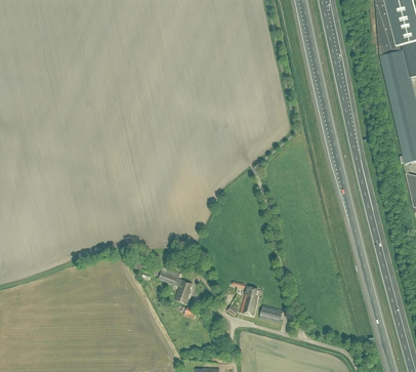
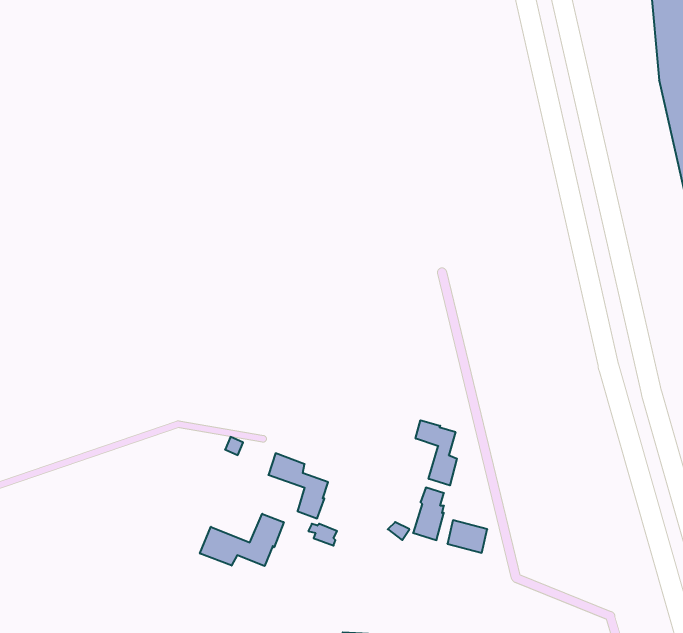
building: none -> [416,420,457,485]
building: none -> [200,514,284,566]

